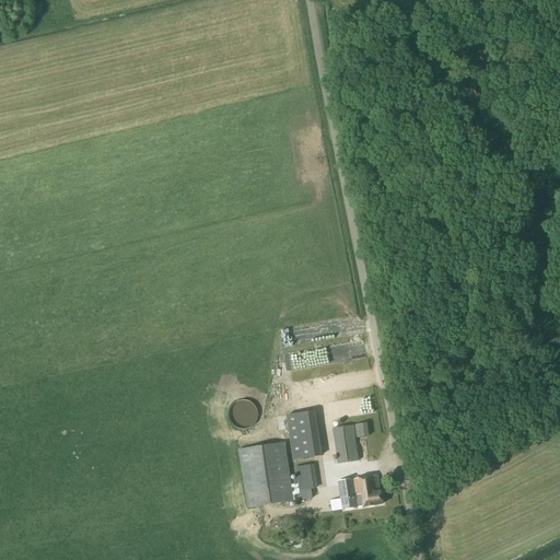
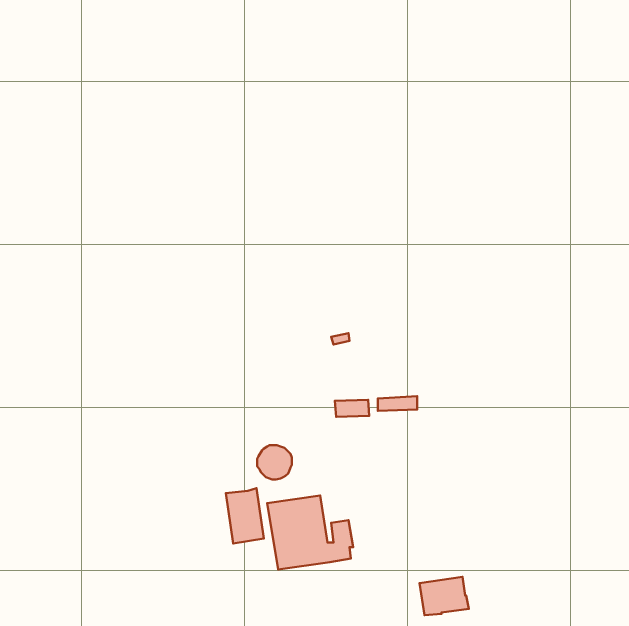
building: [285,409,319,458] -> [226,488,264,544]
building: [334,424,358,462] -> none
building: [338,474,382,508] -> [419,577,469,615]

